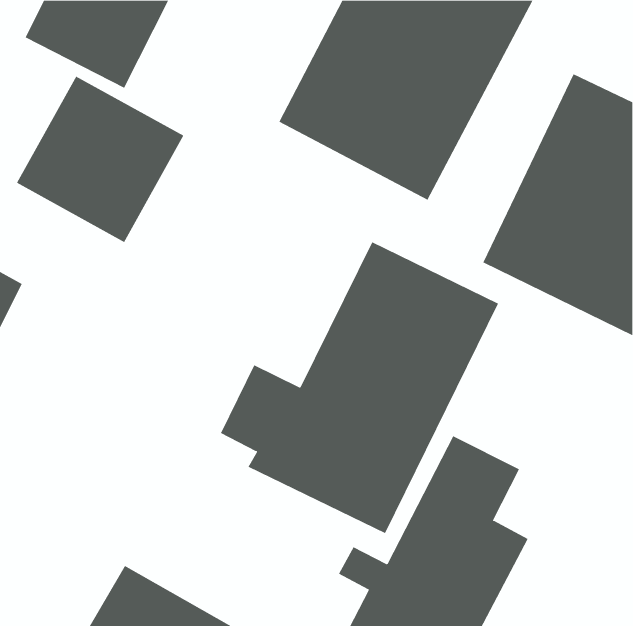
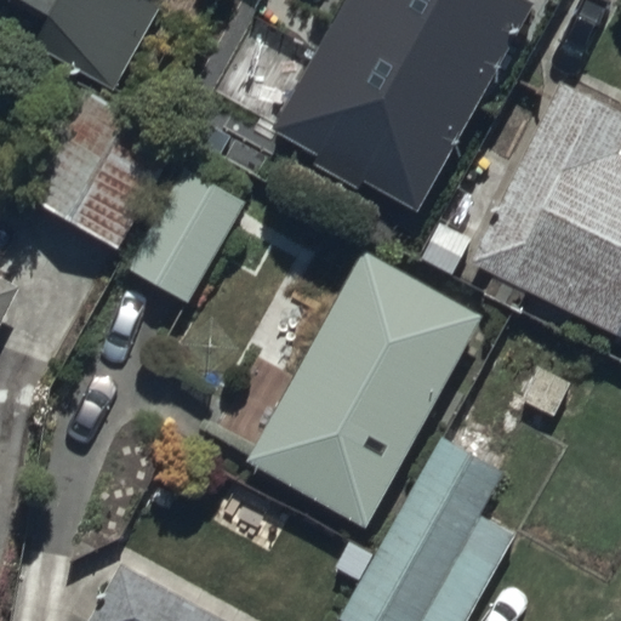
building: none -> [126,167,247,306]

